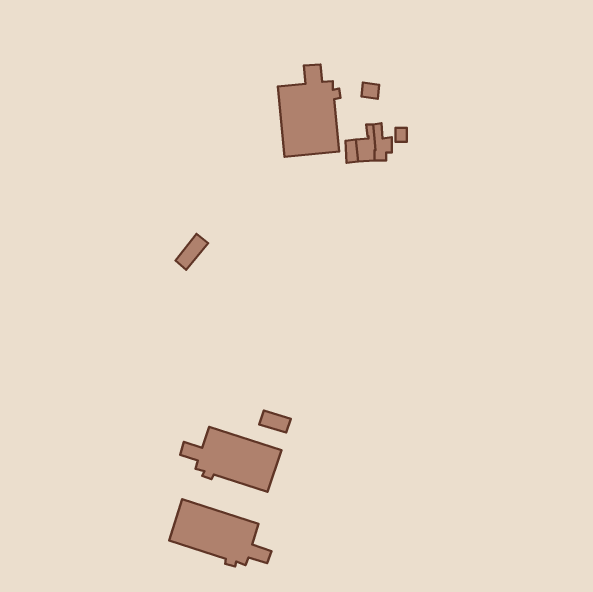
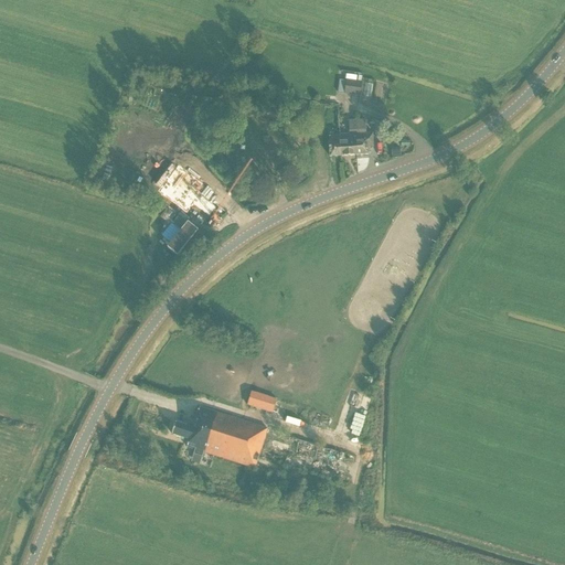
building: [278,65,341,157] -> none
building: [169,499,272,567] -> none

